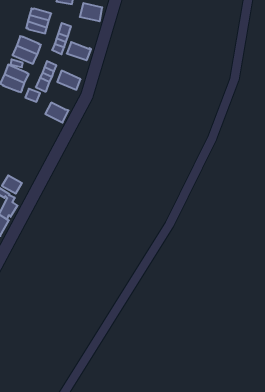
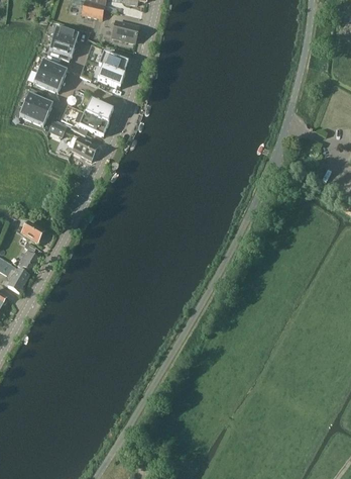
building: none -> [97,53,127,75]
building: none -> [78,113,108,136]

